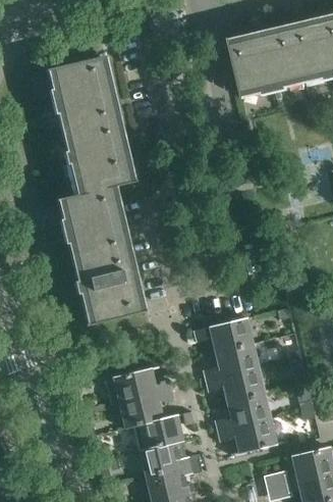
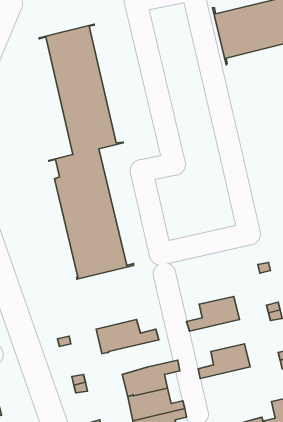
building: [193,319,253,353] -> none
building: [206,369,264,403] -> none
building: [120,391,175,430] -> none
building: [217,419,276,454] -> none

